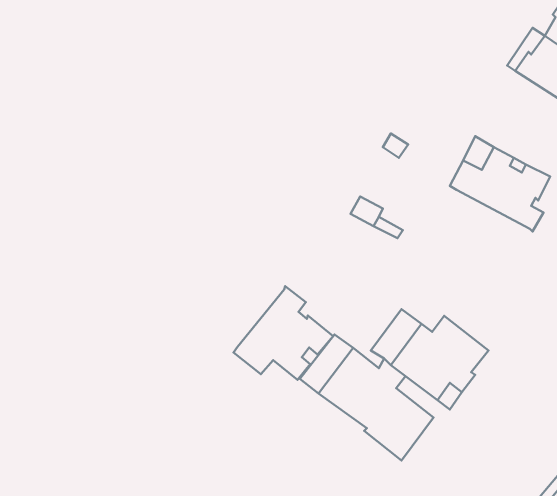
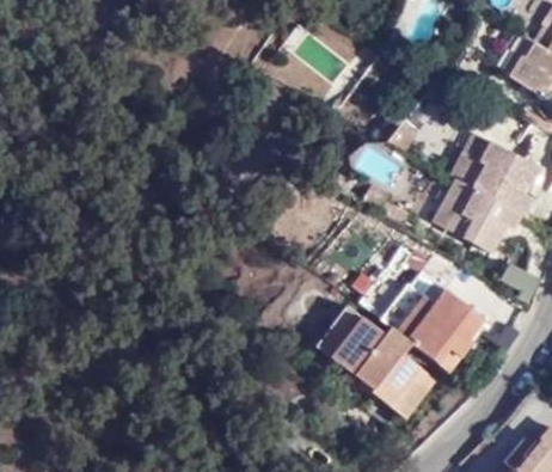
building: none -> [431,177,521,252]
building: [234,286,333,380] -> none

